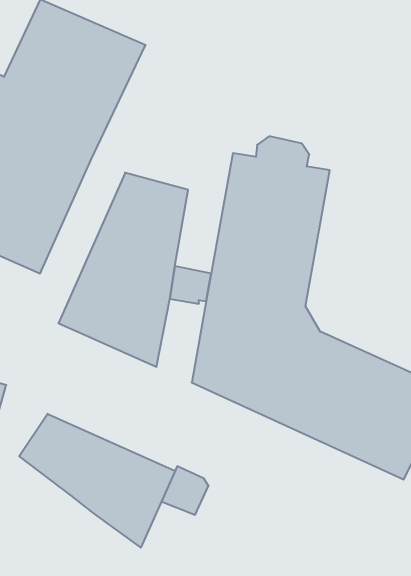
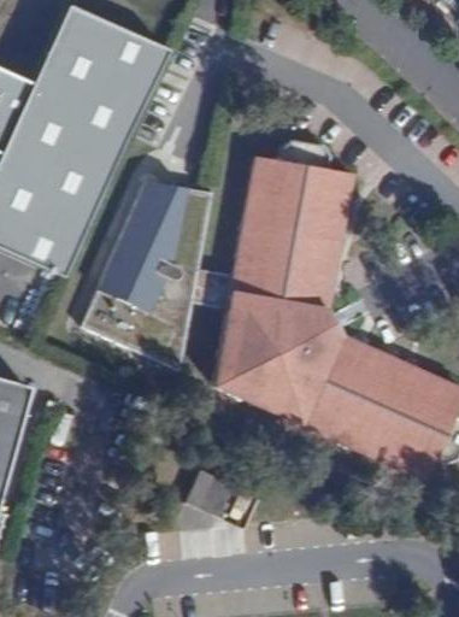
building: [19,414,175,548] -> none

